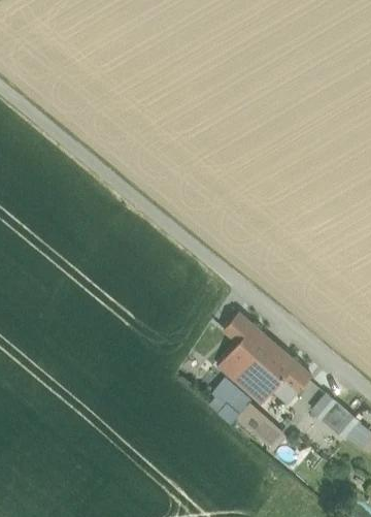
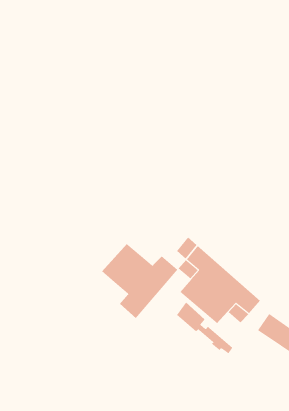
building: none -> [101,243,178,319]

